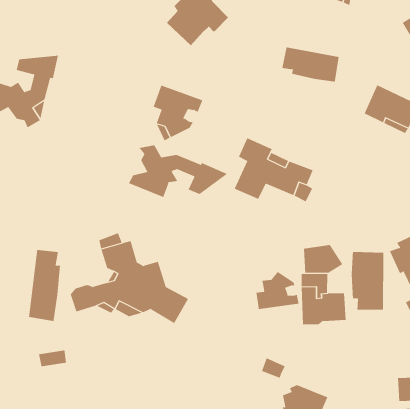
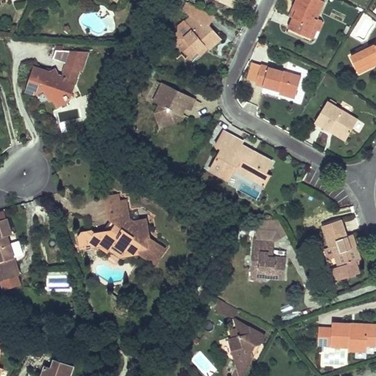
building: [128,144,228,198] -> none
building: [29,249,60,322] -> none
building: [351,251,384,310] -> none
building: [256,271,299,310] -> none

